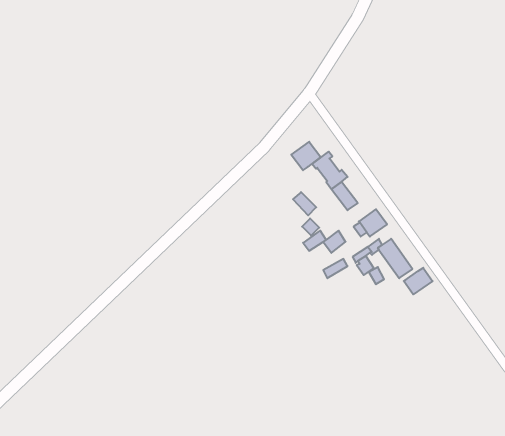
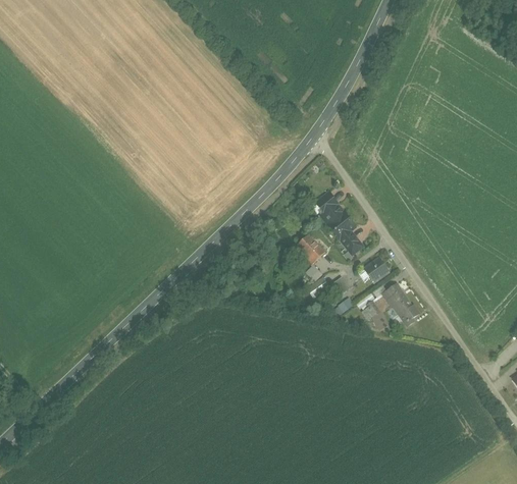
building: [291,142,321,170] -> none
building: [404,268,433,294] -> none

